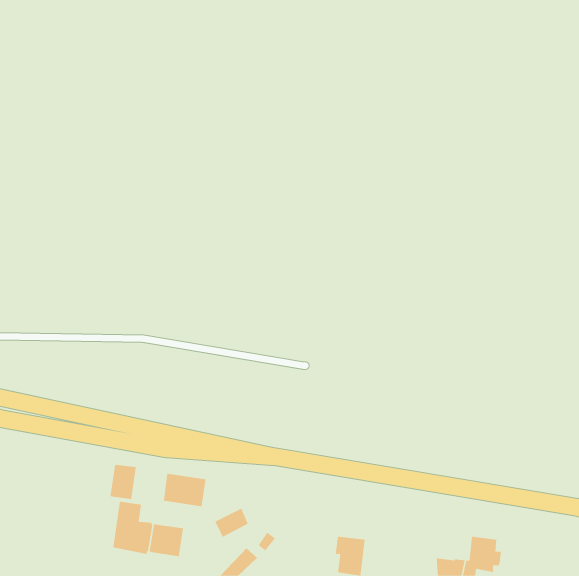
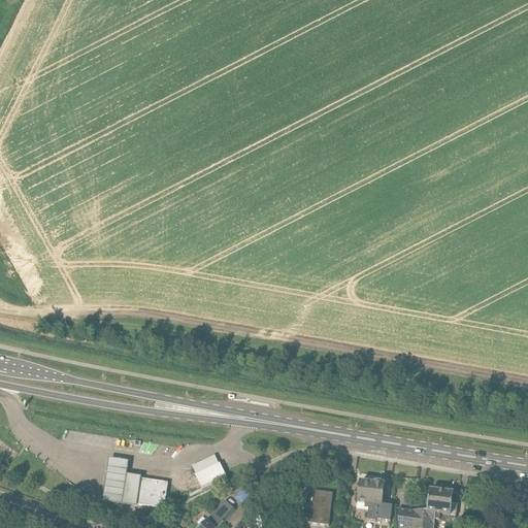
building: [110,462,137,500] -> none
building: [161,472,206,507] -> none
building: none -> [355,478,392,519]

